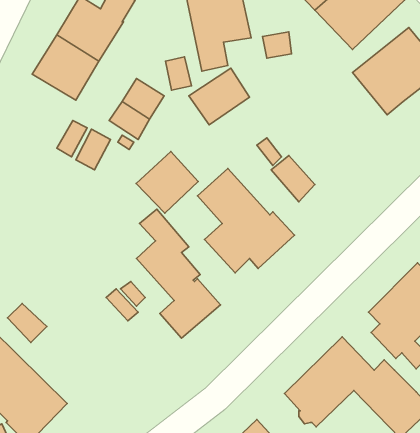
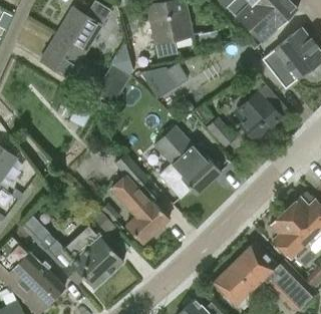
building: none -> [235,85,287,140]
building: [136,152,198,213] -> none
building: none -> [43,224,122,287]

